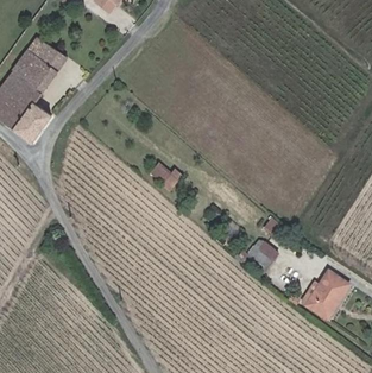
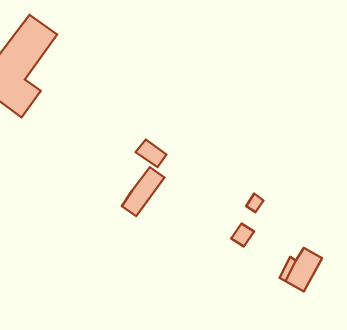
building: none -> [122,167,164,216]

